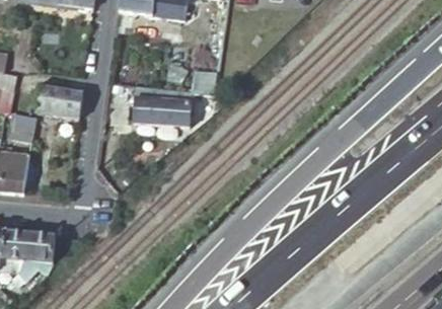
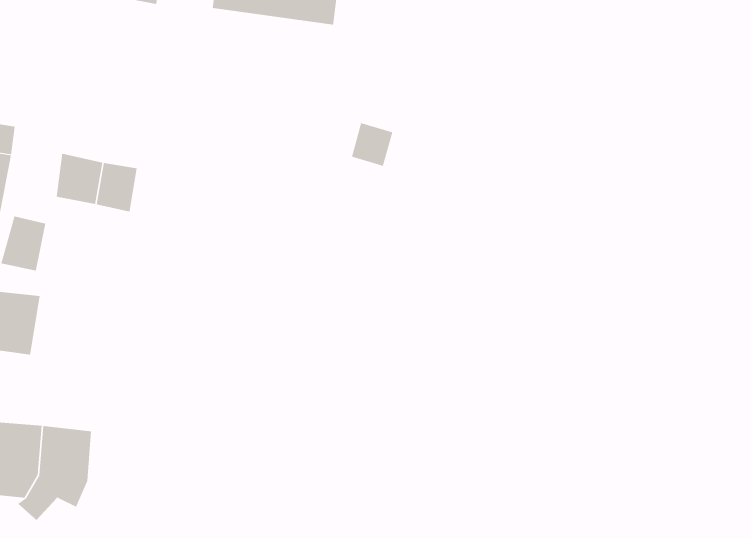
building: [133,85,193,126] -> none

